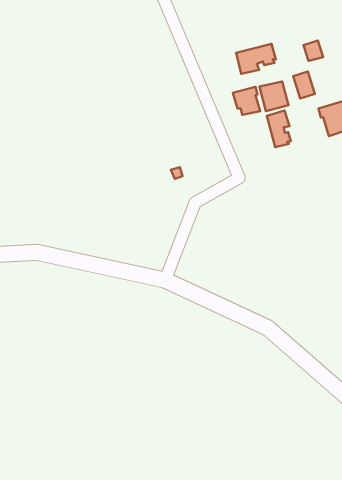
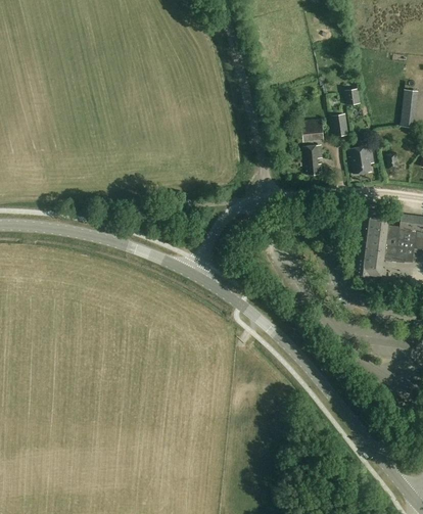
building: [236,44,276,74] -> none
building: [233,87,260,115] -> none

